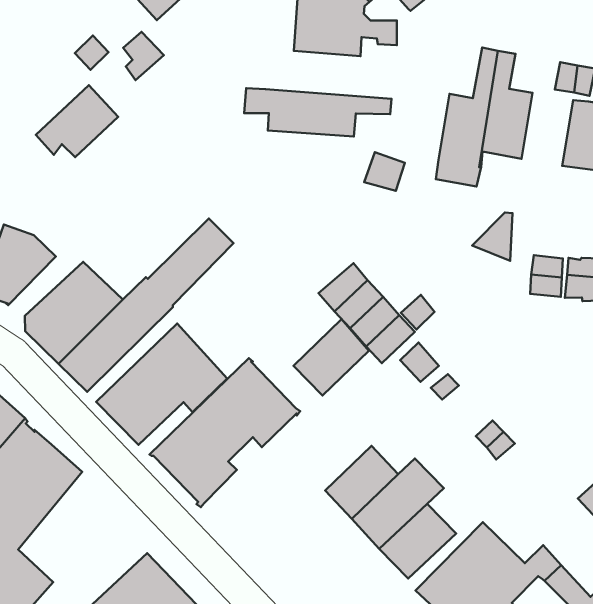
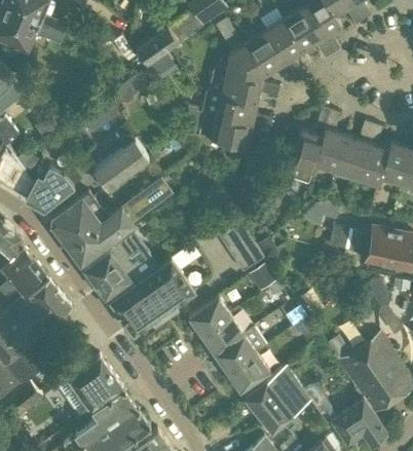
building: none -> [201,93,271,130]
building: none -> [335,139,368,181]
building: none -> [92,138,148,190]
building: [294,319,369,396] -> [188,298,230,338]

